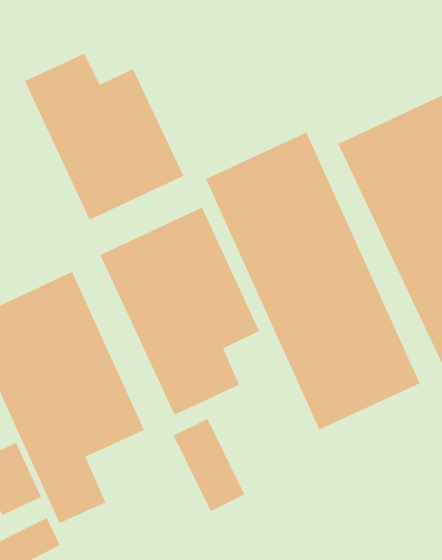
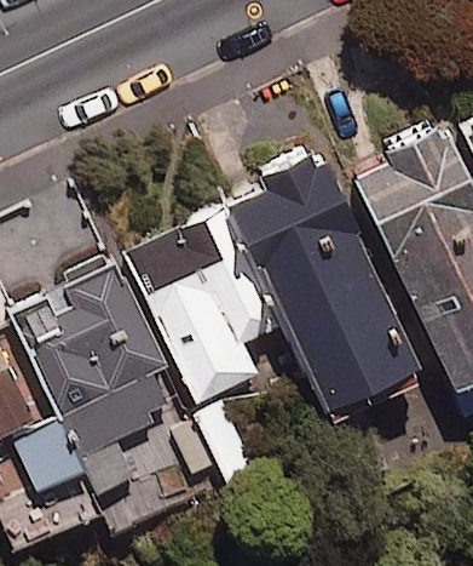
building: [24,53,184,220] -> none

